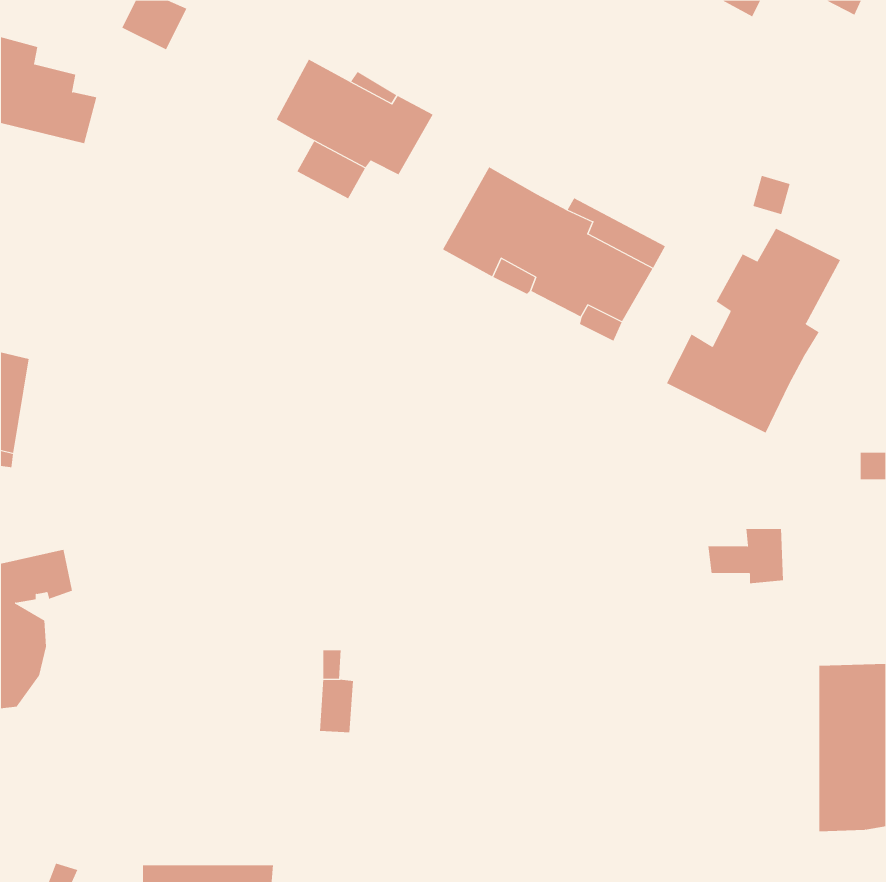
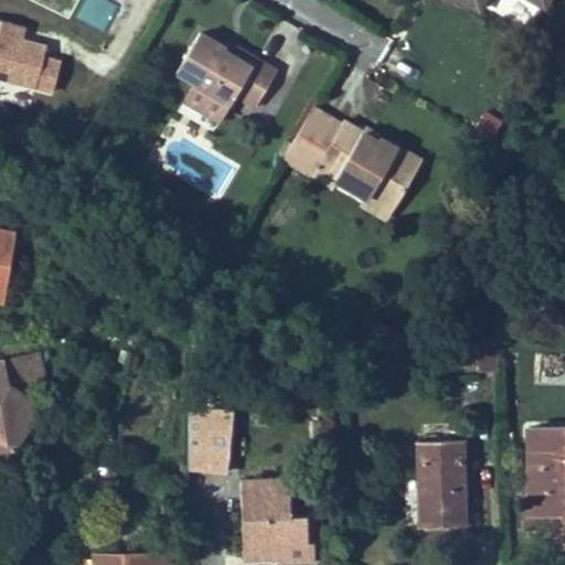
building: [666,228,841,434] -> none
building: none -> [413,443,468,521]
building: none -> [239,478,301,558]

